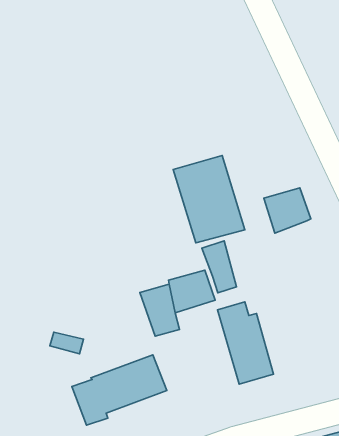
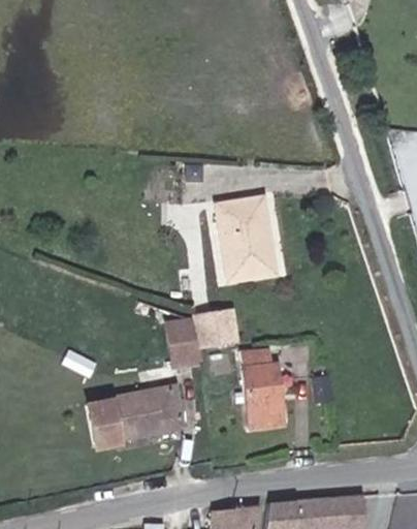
building: [264,188,311,233] -> none
building: [202,241,236,293] -> none

